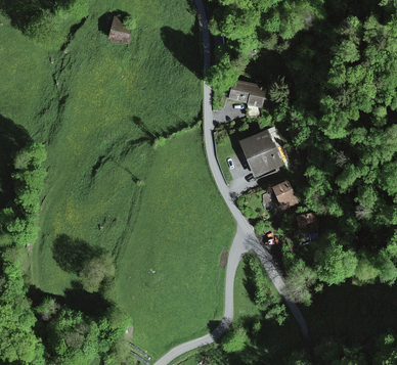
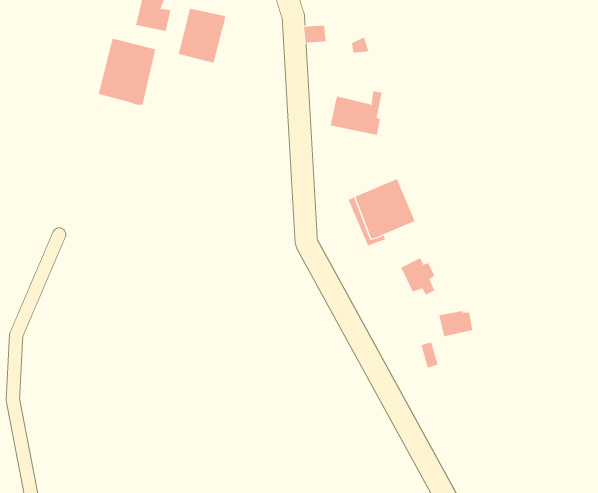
building: none -> [178,8,226,63]
building: none -> [98,38,156,105]

